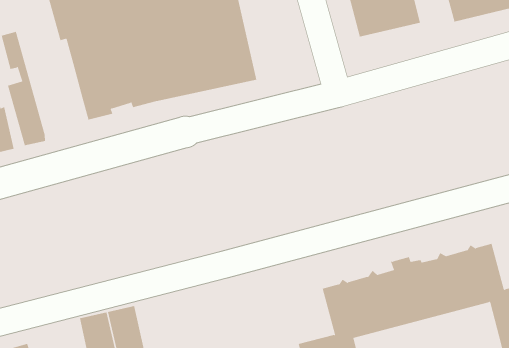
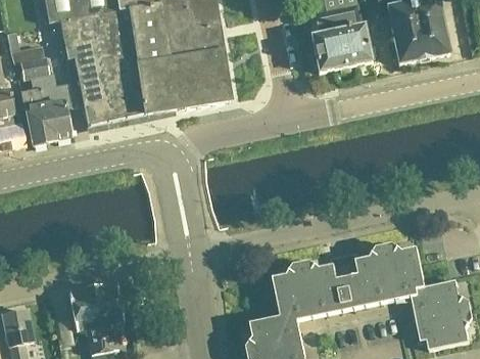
building: none -> [32,46,71,140]

